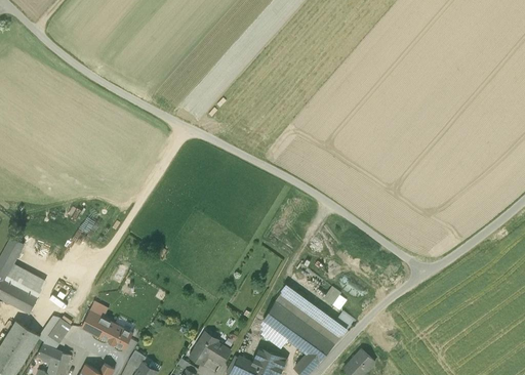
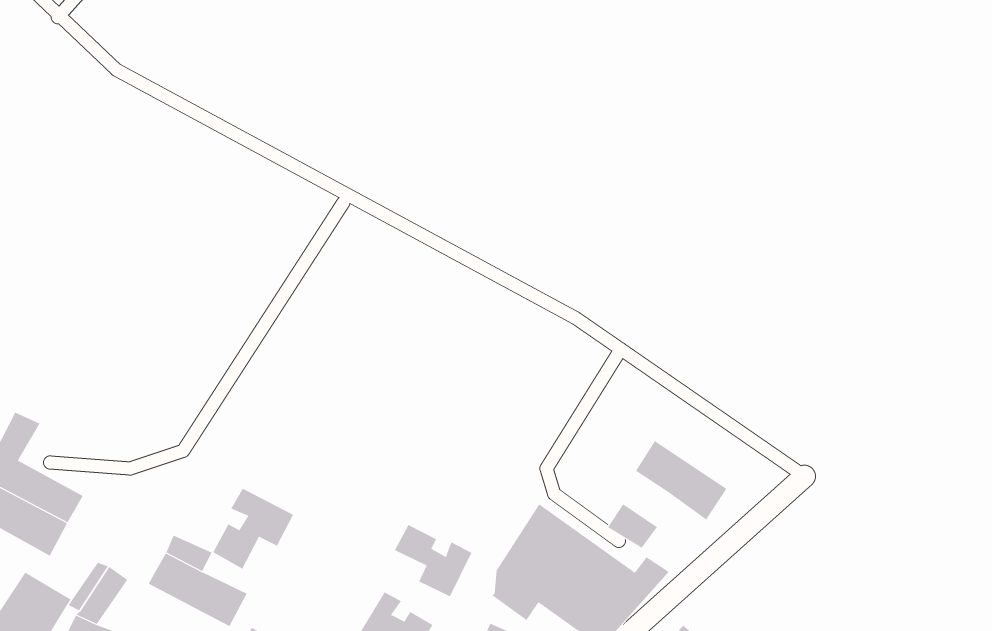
building: none -> [635,440,727,520]
building: none -> [212,488,294,569]
building: none -> [394,524,472,597]

